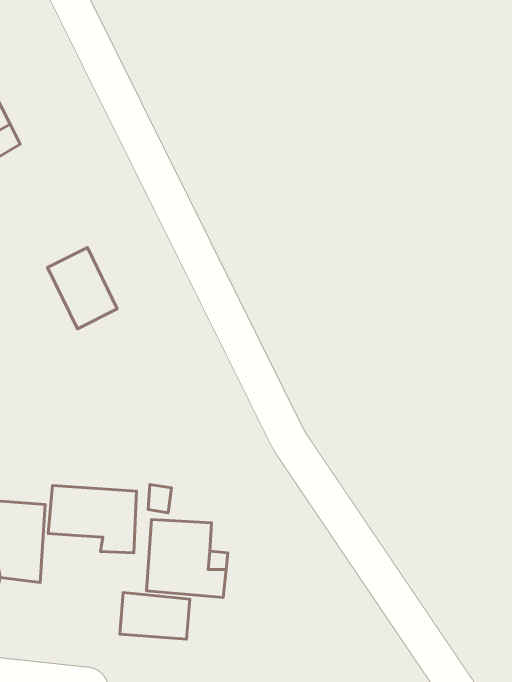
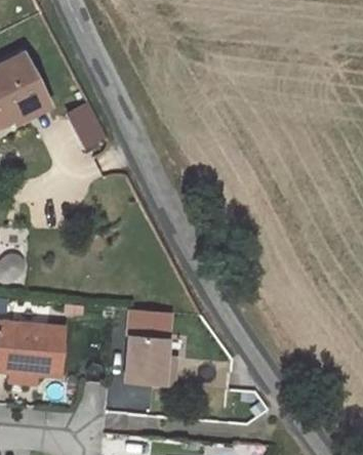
building: [47,247,117,329] -> [64,99,107,150]
building: [48,485,137,553] -> none

